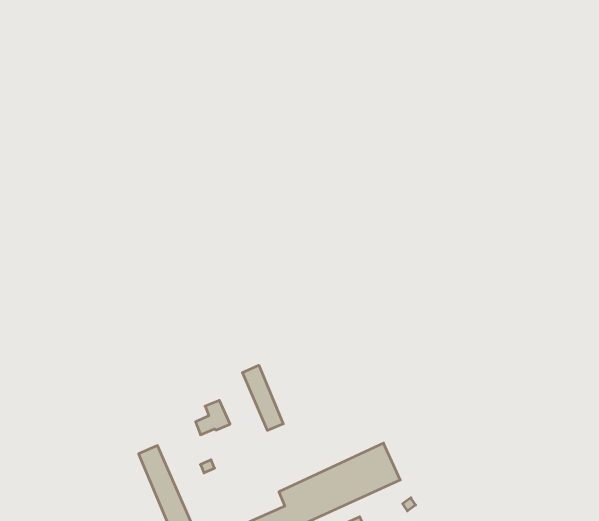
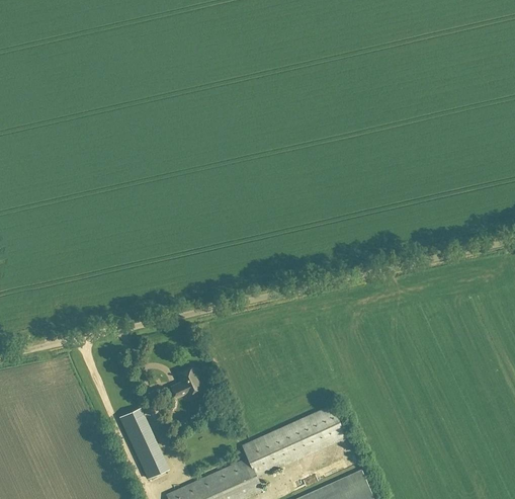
building: [242,365,283,430] -> none

